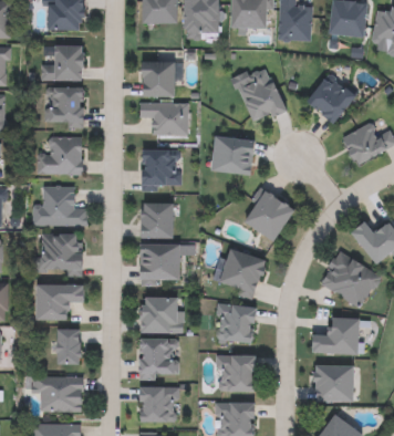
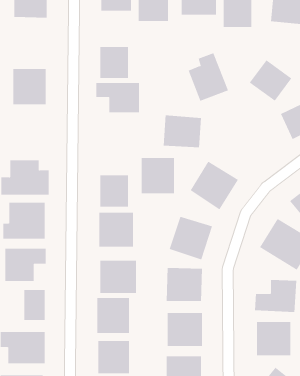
building: [40,45,83,81] -> none
building: [37,137,83,175] -> none
building: [142,150,179,190] -> [141,158,175,194]

